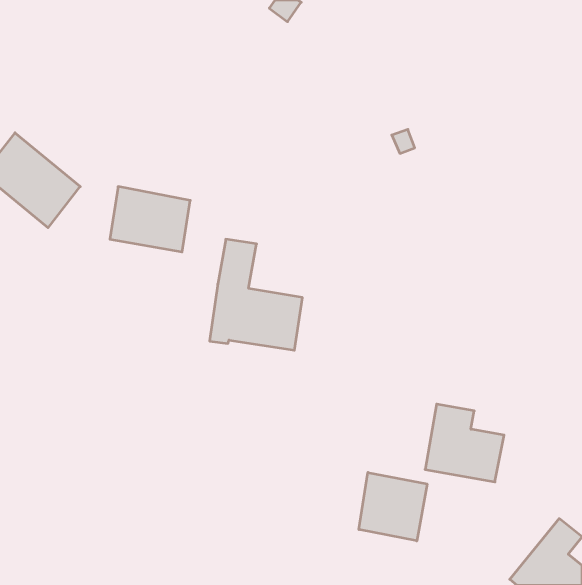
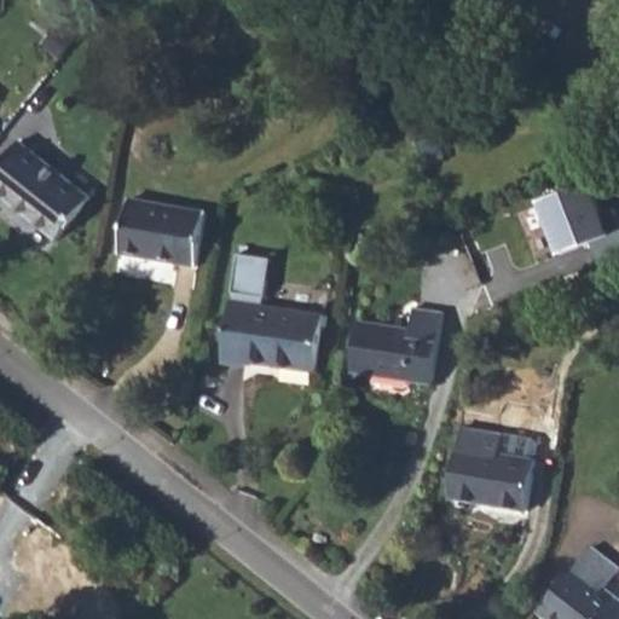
building: none -> [538,184,609,256]
building: none -> [349,308,440,383]
building: [359,472,427,541] -> none

